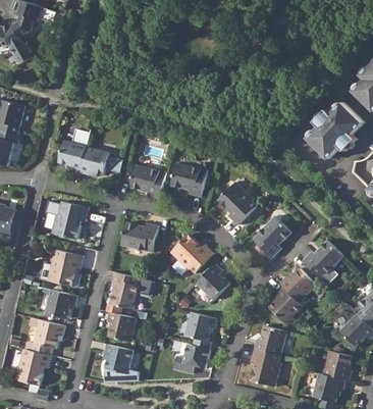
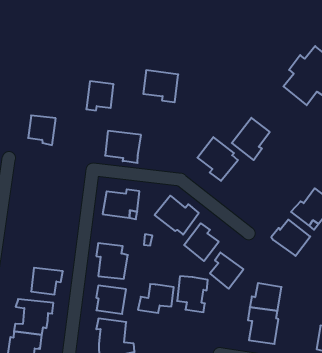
building: [78,147,107,175] -> [86,81,114,110]
building: [170,162,206,196] -> [143,70,178,102]
building: [50,202,87,238] -> none
building: [253,215,290,256] -> [232,118,270,160]
building: [46,249,82,285] -> none
building: [270,286,303,321] -> [210,252,243,289]
building: [171,343,208,371] -> [138,284,174,313]

